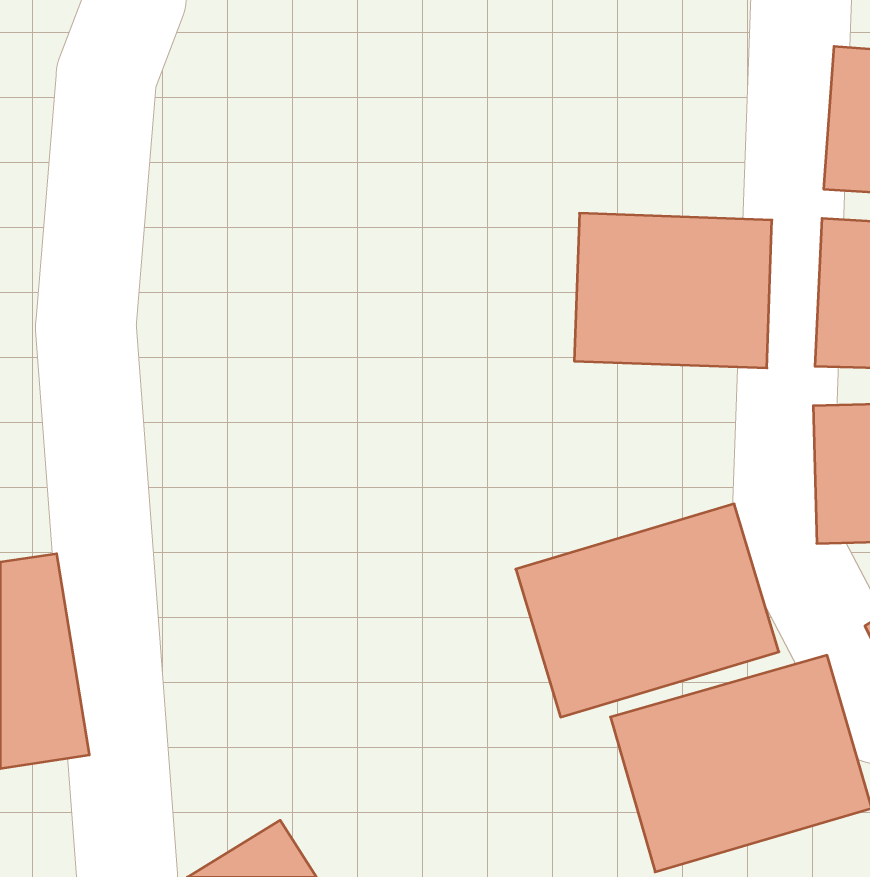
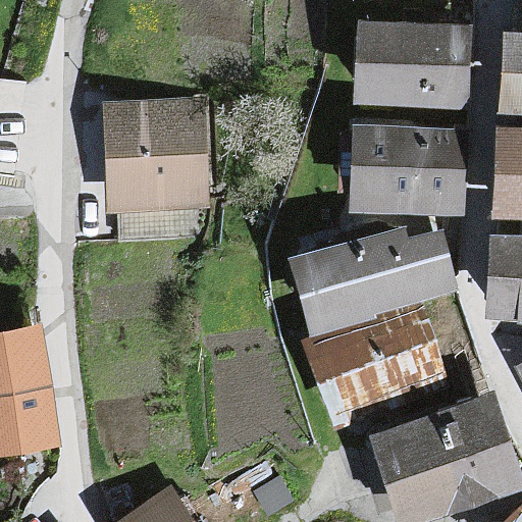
building: none -> [350,25,465,108]
building: none -> [103,103,215,209]
building: none -> [292,221,457,325]

